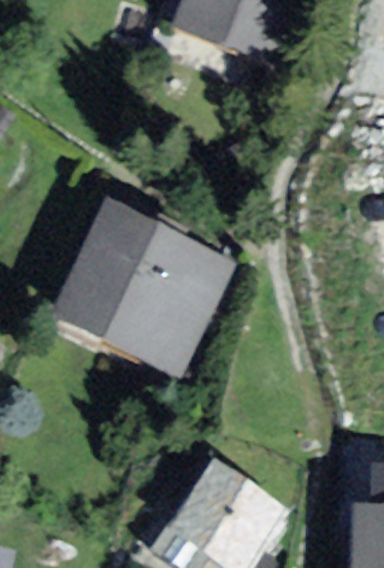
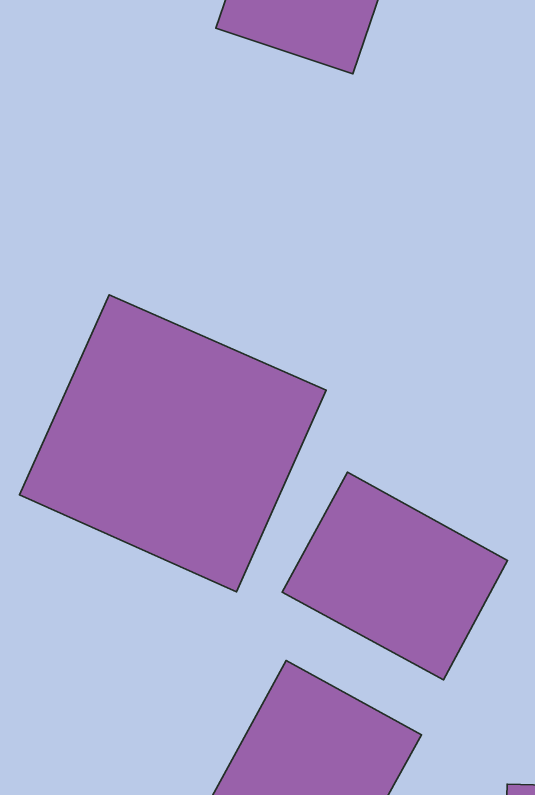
building: none -> [282,472,507,680]

